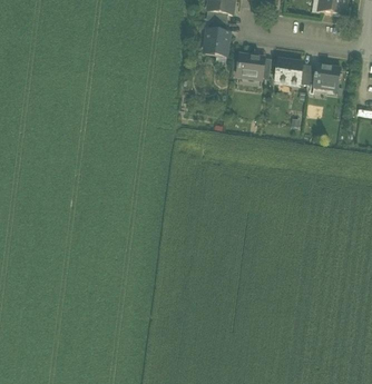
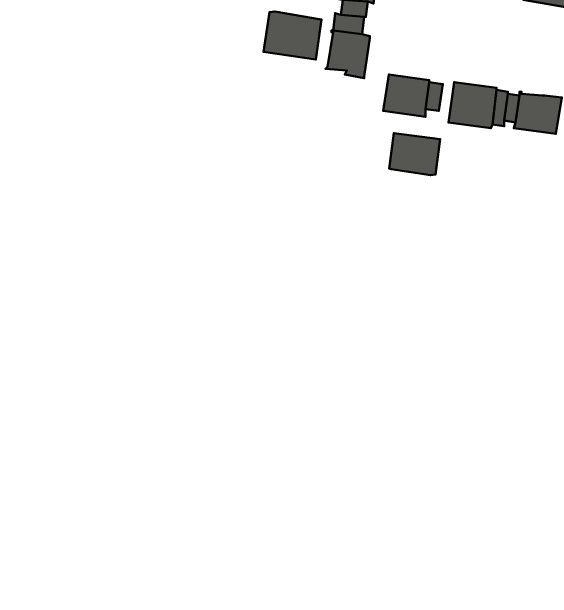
building: none -> [263,12,322,59]
building: none -> [389,133,440,175]

